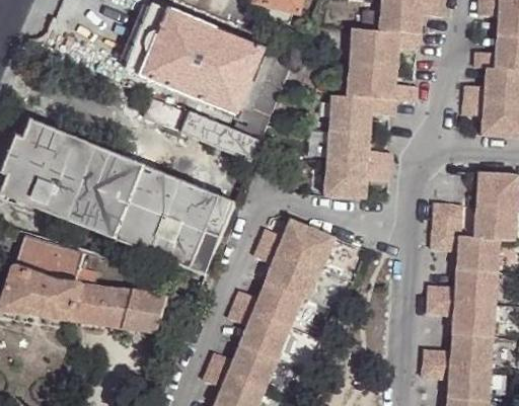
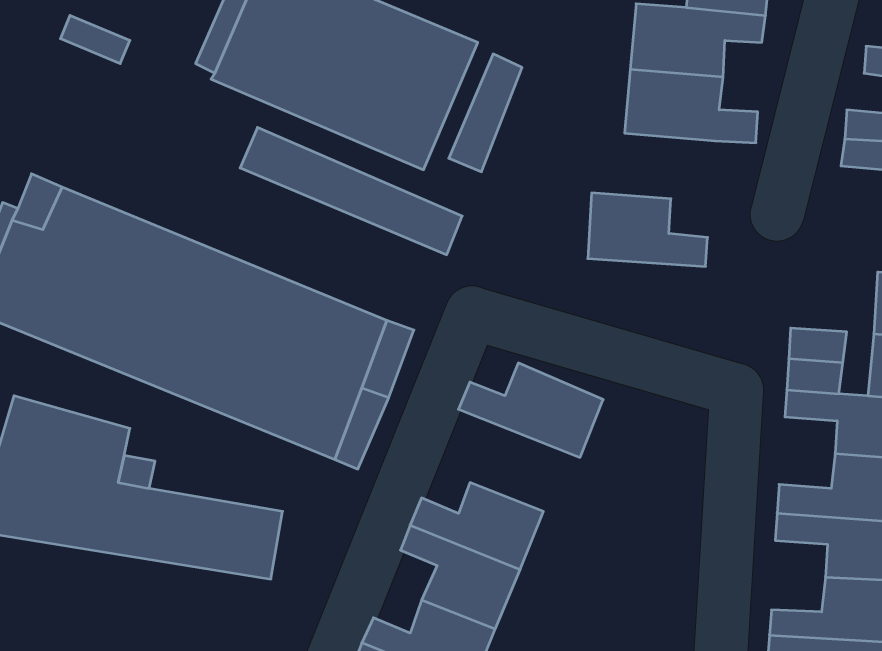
building: [328,97,393,133] -> none
building: [323,164,388,199] -> none
building: [253,243,322,299] -> none

